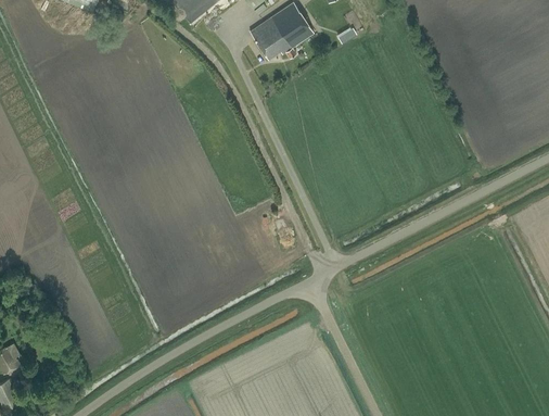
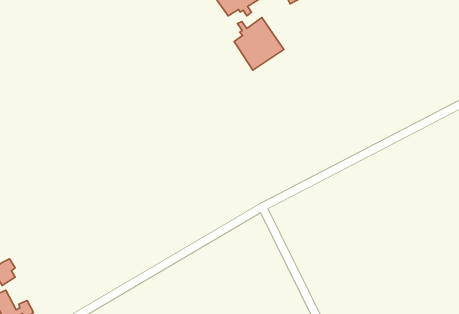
building: none -> [234,18,284,70]

